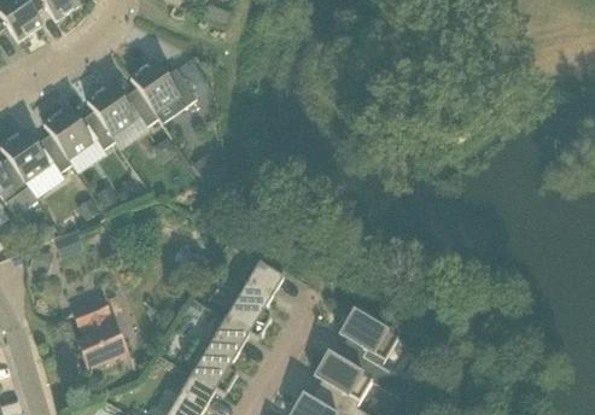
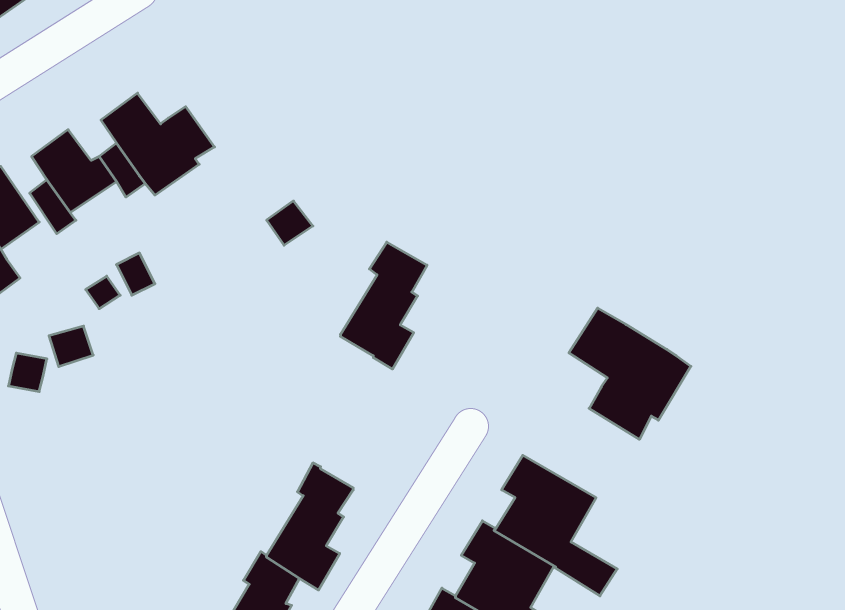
building: [130,59,204,121] -> none
building: none -> [569,308,691,439]
building: [224,258,279,338] -> [340,242,427,369]
building: [72,298,124,367] -> none

